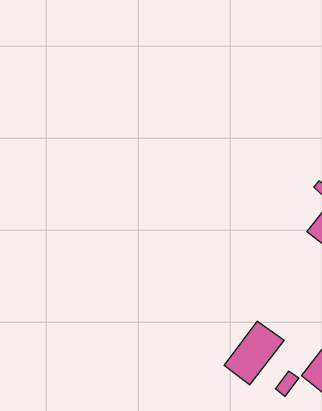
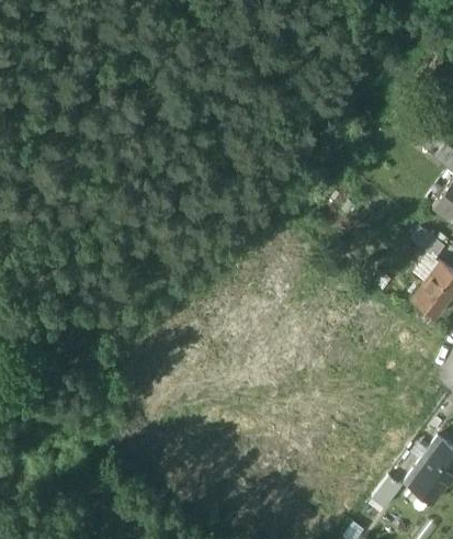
building: [224,321,284,385] -> none

